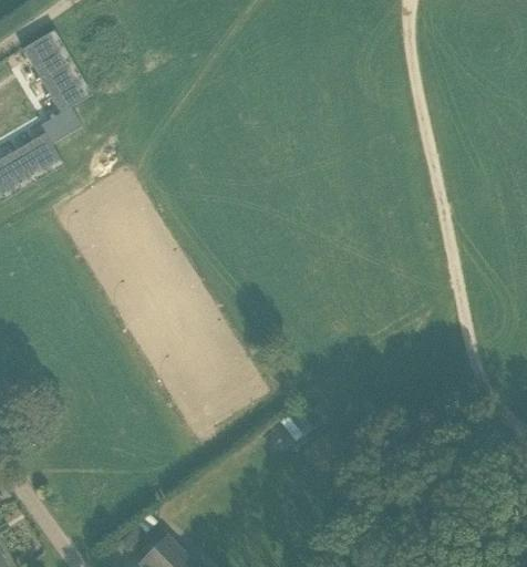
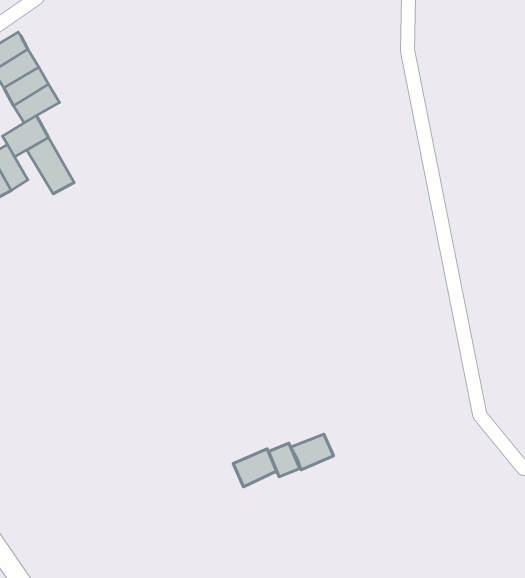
building: none -> [27,137,74,194]
building: none -> [291,434,333,470]
building: none -> [233,449,277,487]

